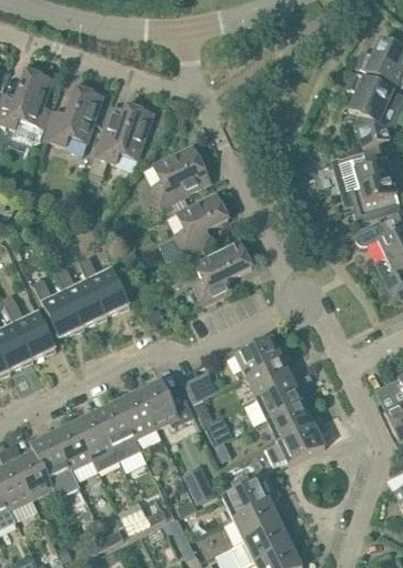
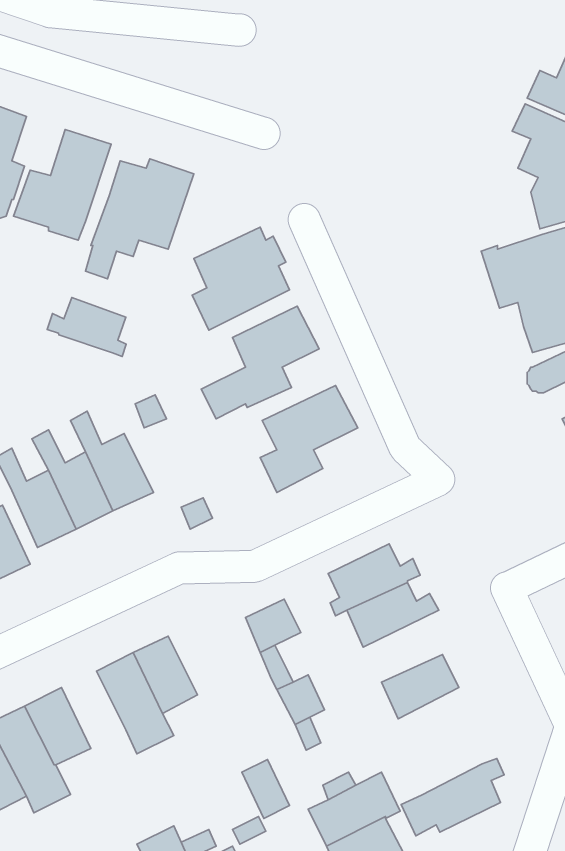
building: none -> [47,297,126,356]
building: [138,379,194,428] -> none
building: [255,381,303,419] -> none
building: [73,413,119,473] -> none
building: [264,419,326,466] -> [401,758,504,836]

